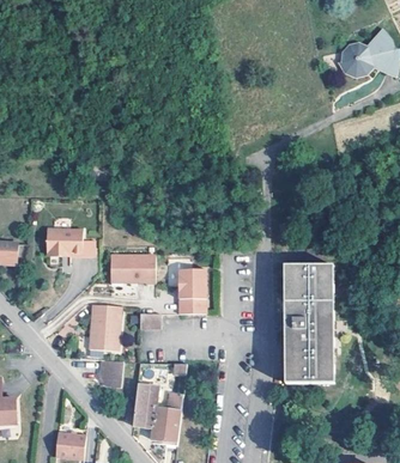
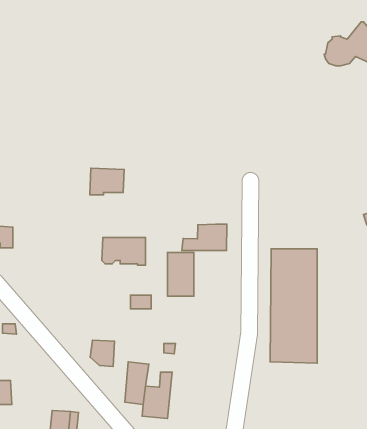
building: [47,224,83,251] -> [90,168,124,195]
building: none -> [182,224,227,250]
building: [89,304,120,351] -> none

